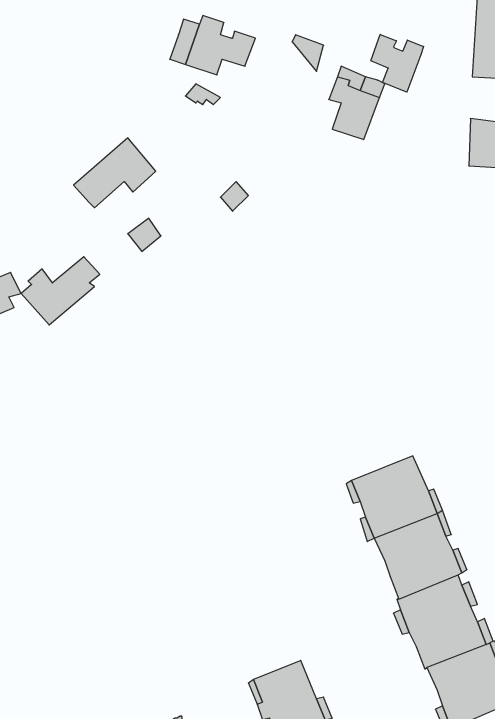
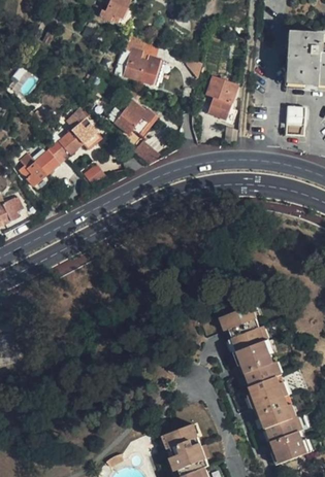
building: [371,34,424,92] -> none
building: none -> [109,100,160,137]
building: [21,257,100,325] -> [18,145,64,185]

